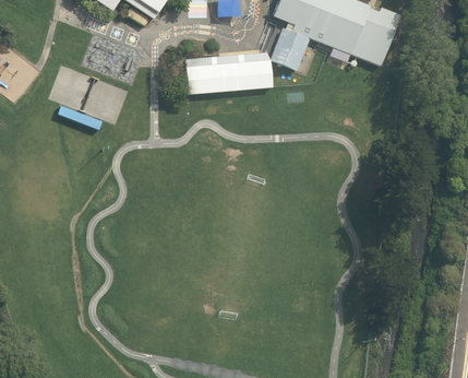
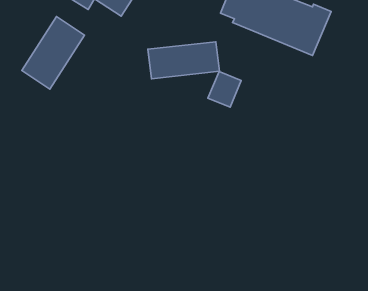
building: none -> [22,17,85,89]
building: [271,27,310,70] -> [208,71,241,107]

